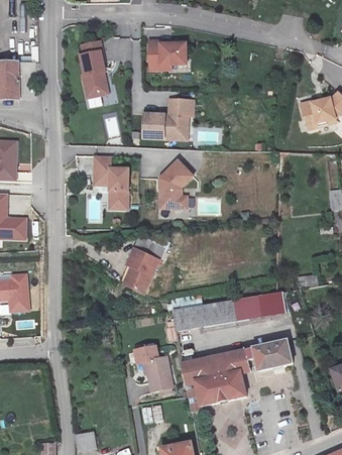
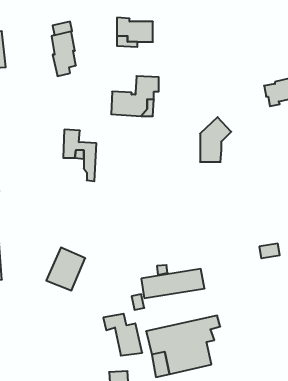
building: [159,160,192,207] -> [200,117,231,162]
building: [123,248,163,293] -> [46,247,85,290]
building: [236,292,284,319] -> none
building: [253,340,290,370] -> none

